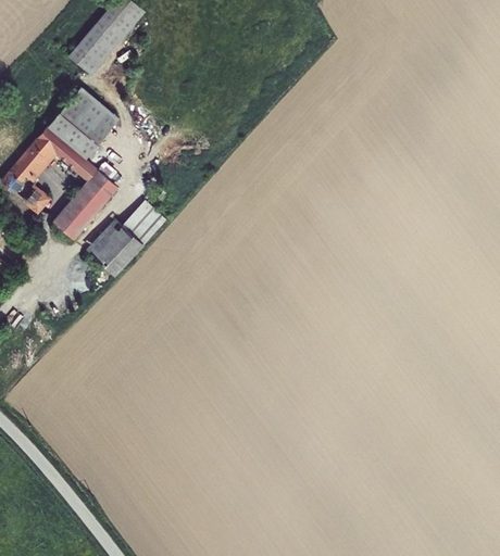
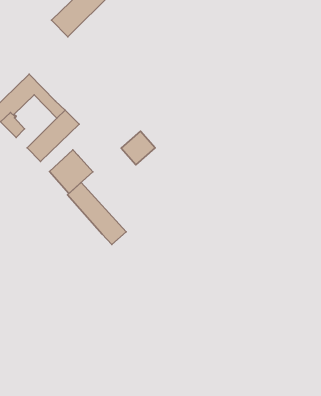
building: [48,88,117,159] -> none
building: [120,202,163,245] -> [121,131,155,165]
building: none -> [68,182,126,244]

